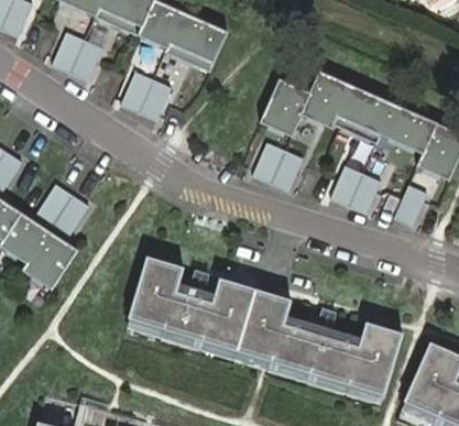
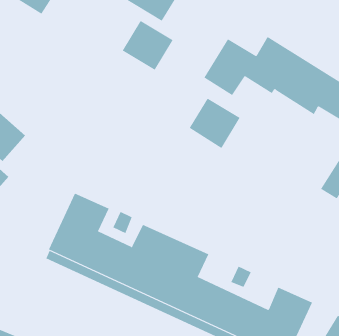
building: [121,72,172,120] -> [122,20,174,70]
building: [329,165,381,215] -> none

